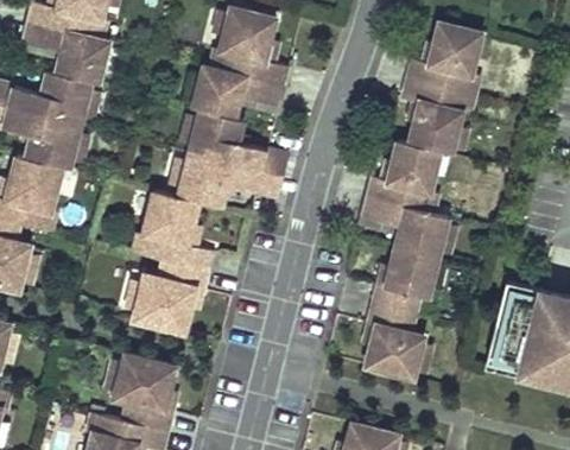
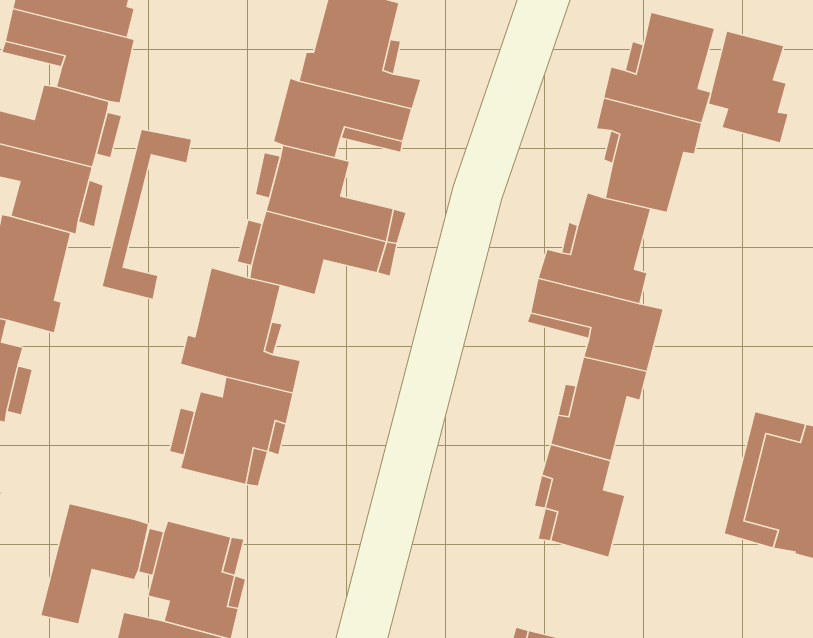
building: none -> [708,31,788,143]
building: none -> [102,129,192,300]
building: none -> [40,503,149,624]

